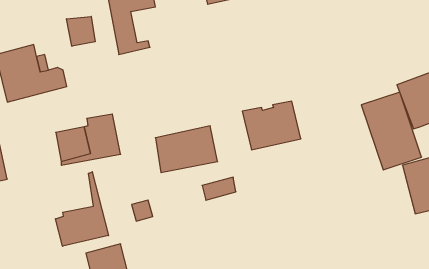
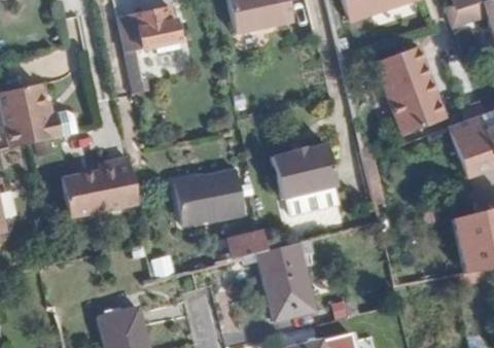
building: [67,16,95,46] -> none
building: [361,92,422,170] -> [377,44,445,132]
building: [55,172,108,246] -> none
building: none -> [258,243,314,319]

